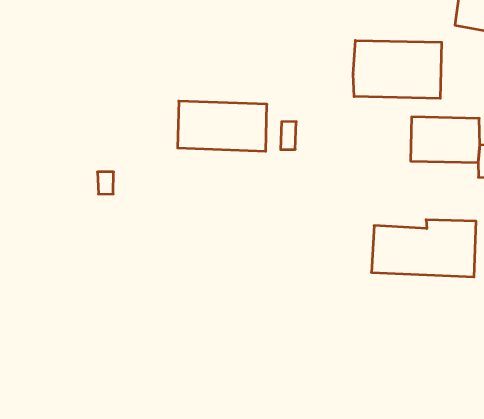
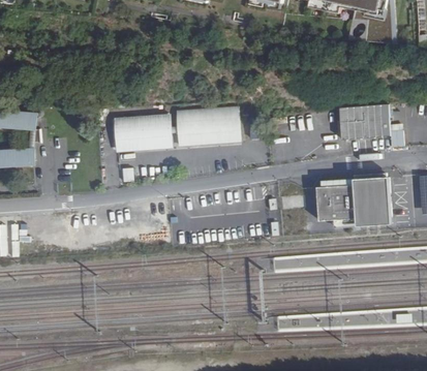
building: [353,40,442,98] -> none
building: none -> [113,114,172,150]

